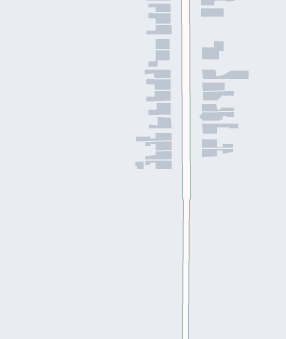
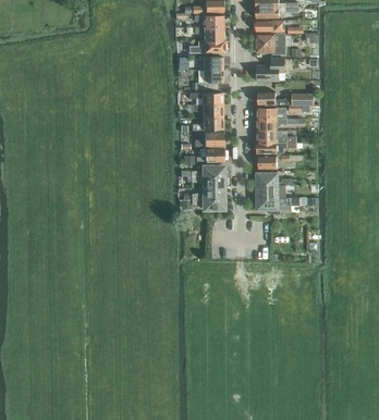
building: none -> [257,35,284,53]
building: none -> [257,197,298,213]

